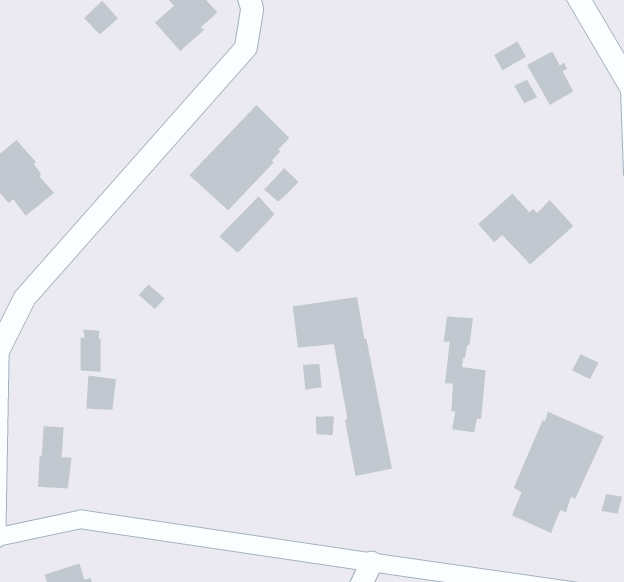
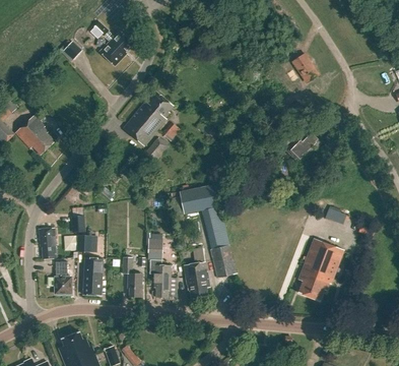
building: [443,316,487,433] -> [148,238,172,297]
building: none -> [38,228,57,258]
building: none -> [83,257,103,295]
building: none -> [123,255,143,296]
building: none -> [184,261,208,300]

